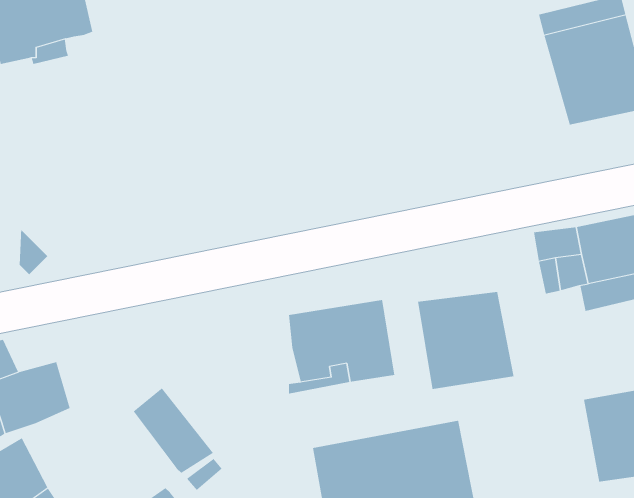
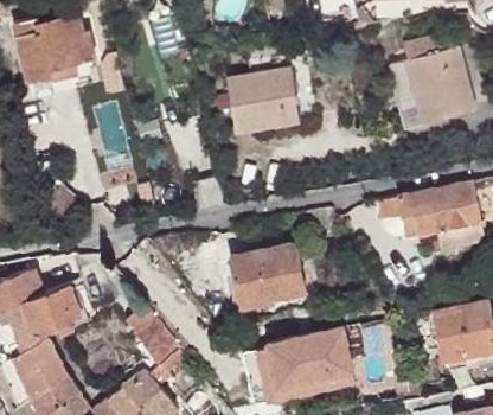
building: none -> [229,68,301,134]
building: [417,291,514,390] -> none

